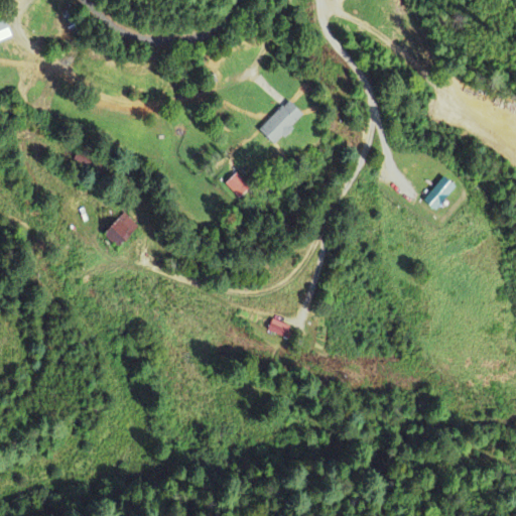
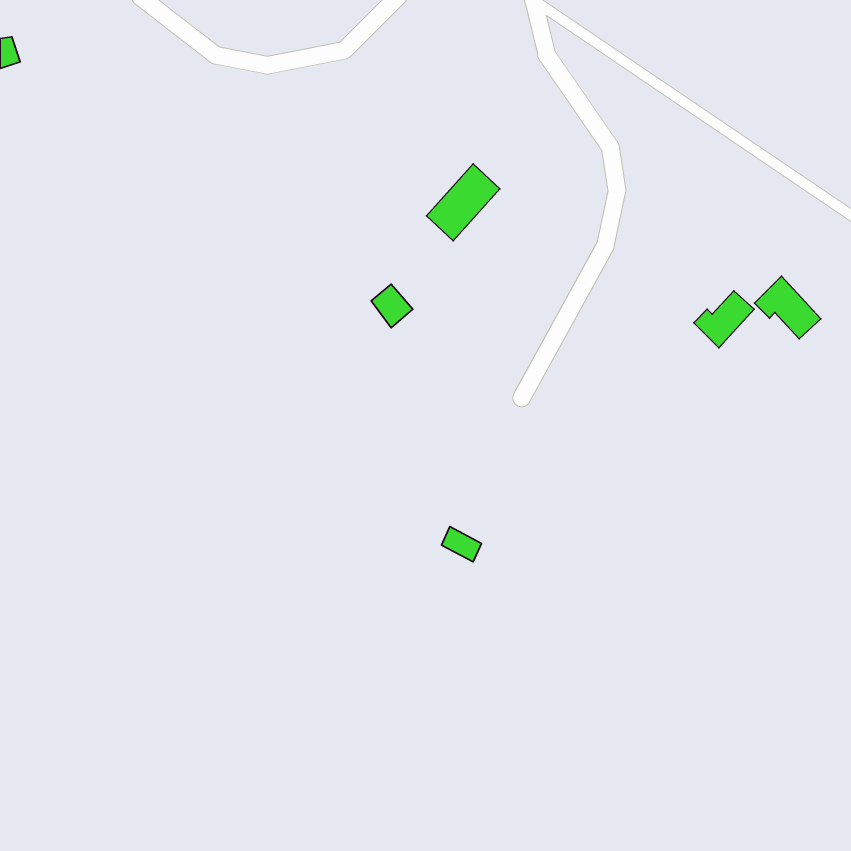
building: none -> [754,276,821,339]
building: [103,211,140,248] -> none

